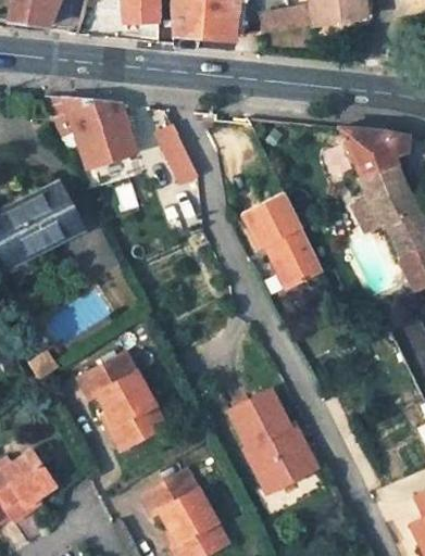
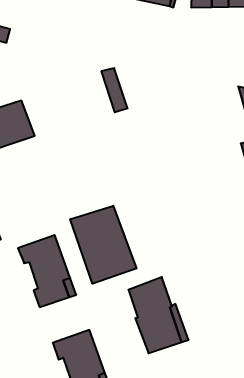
building: [46,96,135,166] -> none
building: [241,191,323,289] -> none
building: none -> [70,206,136,284]

